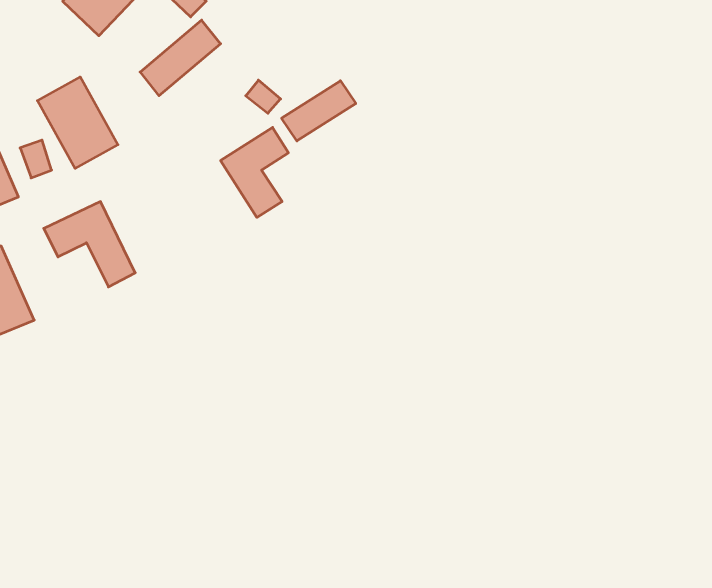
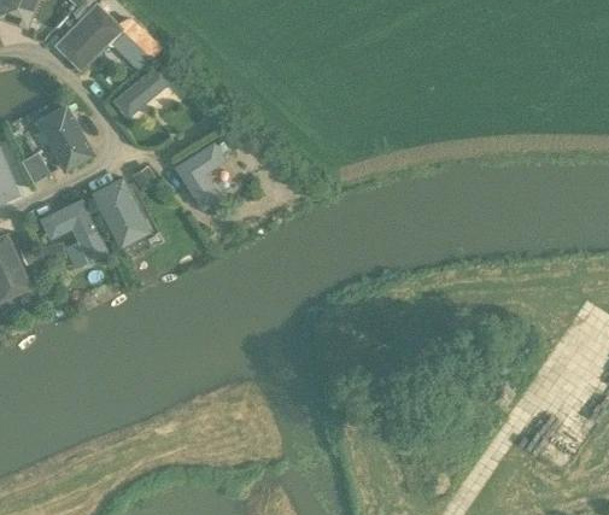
building: [282,81,356,141] -> none
building: none -> [90,177,151,250]

